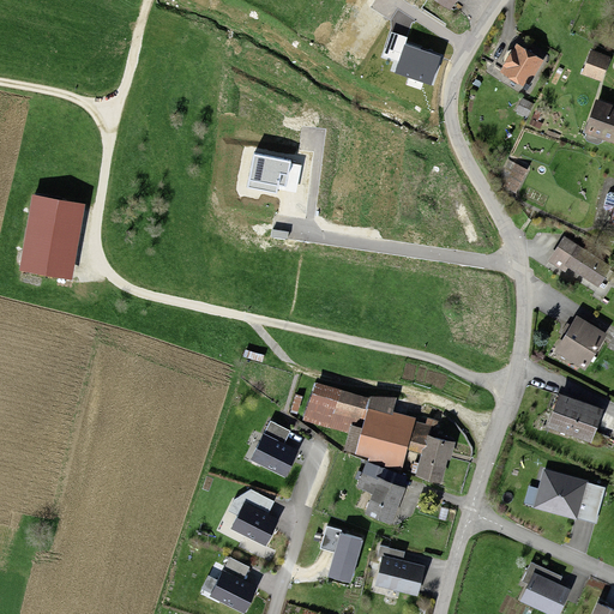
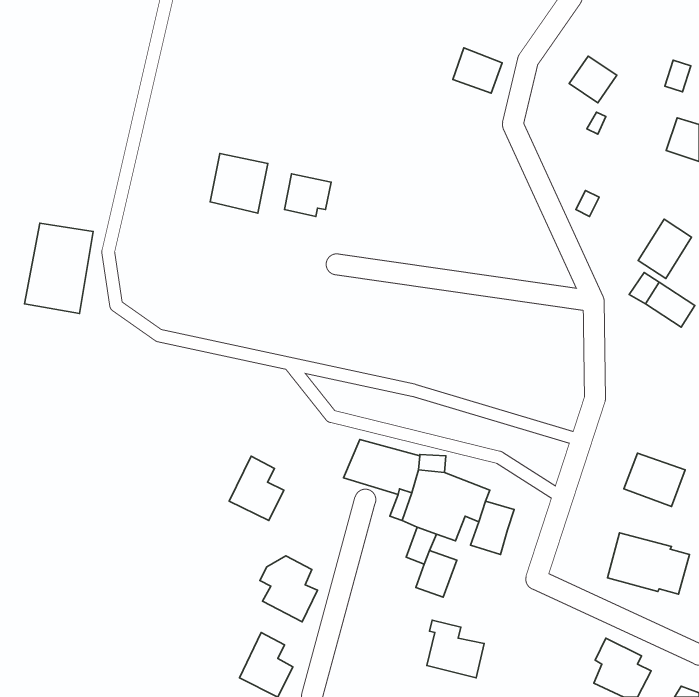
building: none -> [210,154,268,213]
building: none -> [638,219,692,278]
building: [555,319,602,369] -> none
building: [251,419,299,475] -> [229,456,284,520]
building: [320,524,363,582] -> none

